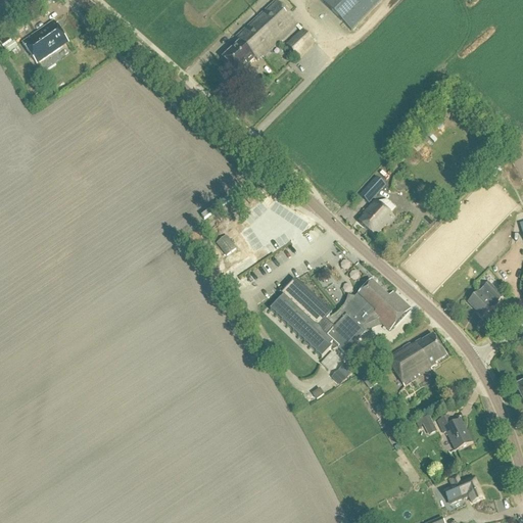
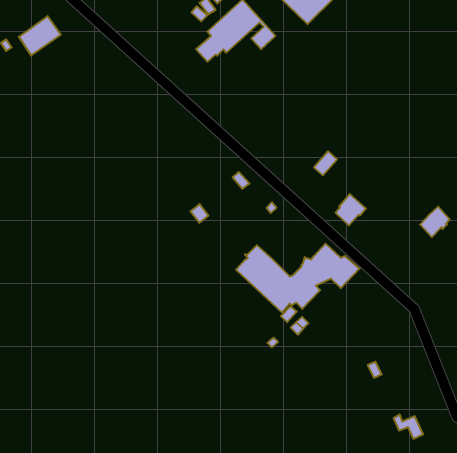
building: [359,199,393,235] -> [336,194,366,225]
building: [469,280,503,315] -> [420,207,450,237]
building: [387,332,446,384] -> none
building: [437,414,472,448] -> none

